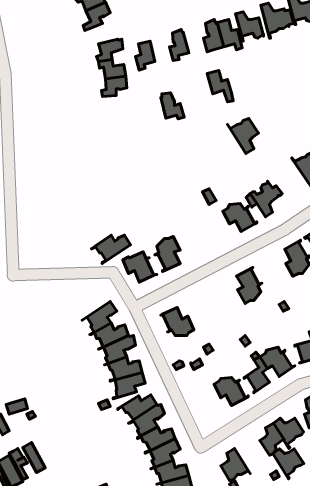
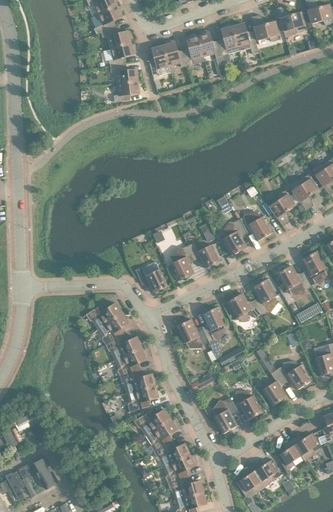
building: none -> [102,27,134,48]
building: [207,71,233,102] -> [198,33,225,65]
building: [161,93,184,119] -> [164,40,188,67]
building: [227,119,259,154] -> [287,175,319,211]
building: none -> [221,220,247,257]
building: none -> [188,243,223,269]
building: [92,235,130,263] -> [83,303,123,332]
building: none -> [276,265,311,295]
building: none -> [226,293,262,322]
building: none -> [203,306,228,359]
building: none -> [212,398,238,435]
building: [273,449,304,479] -> [251,459,283,490]

